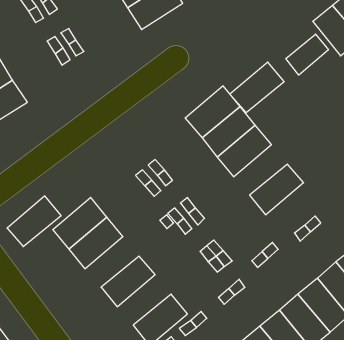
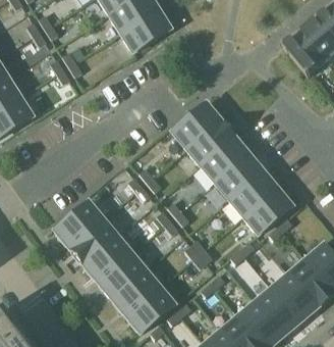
building: [286,34,328,75] -> none
building: [230,62,284,113] -> [215,153,263,198]
building: none -> [243,187,292,233]
building: [7,196,61,247] -> [84,235,131,280]
building: none -> [112,268,160,313]

